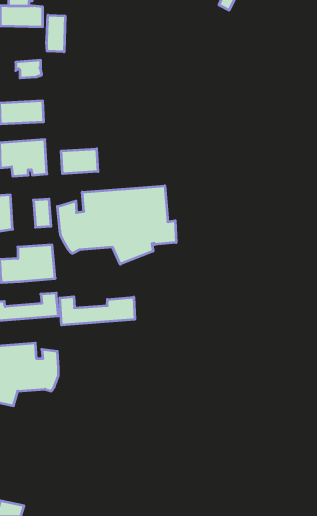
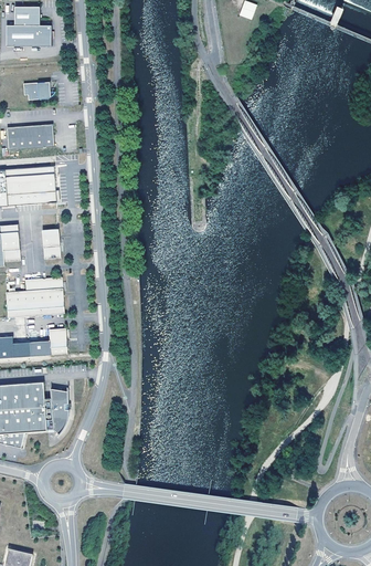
building: [47,15,65,52] -> none
building: [61,149,98,174] -> none
building: [57,186,176,264] -> none
building: [60,297,135,325] -> none

